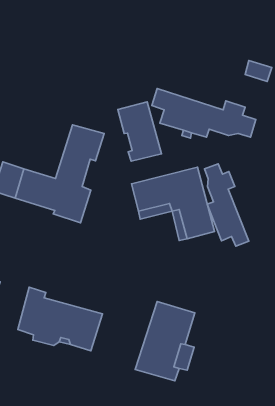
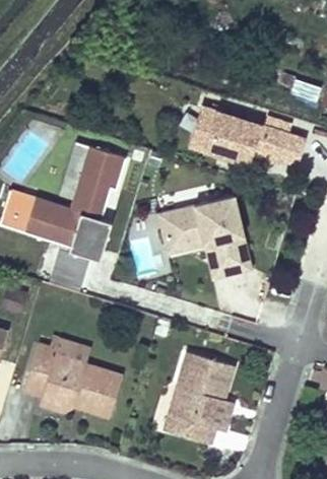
building: [118,102,162,161] -> none
building: [205,164,249,246] -> none

